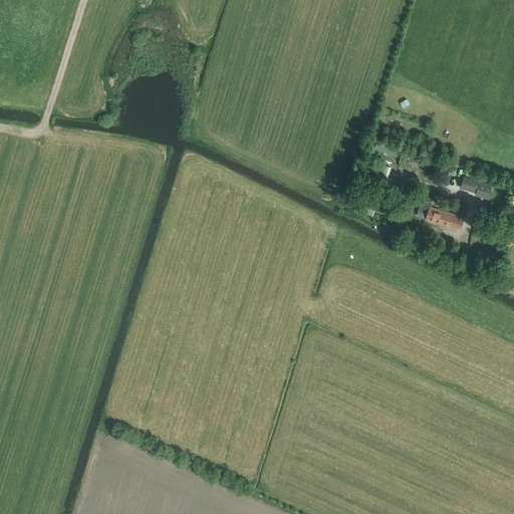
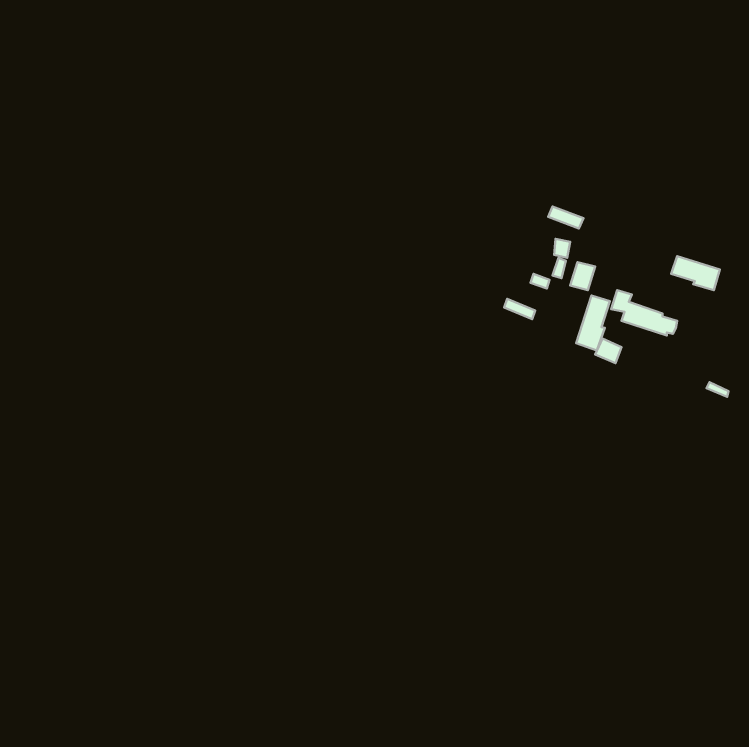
building: none -> [576,296,610,350]

